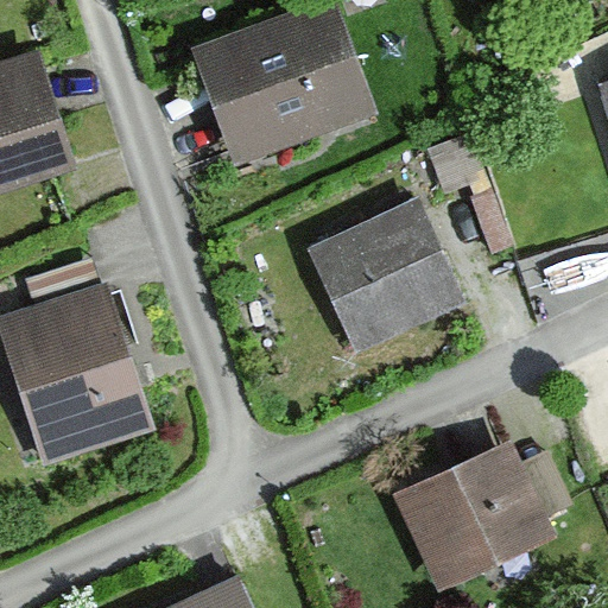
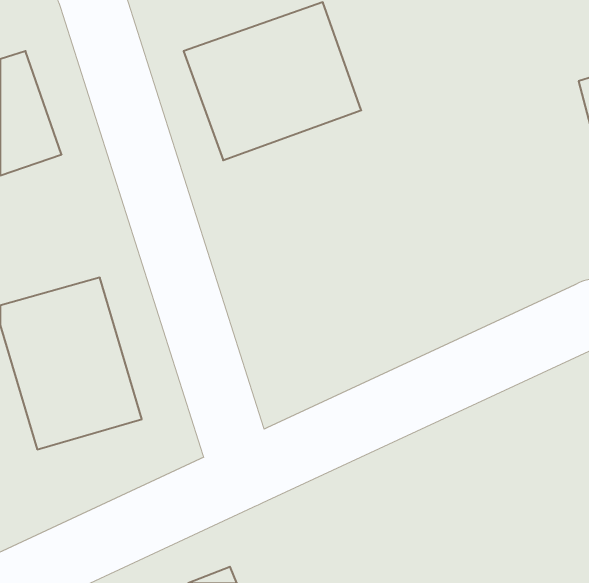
building: [309,202,458,347] -> none
building: [397,444,553,589] -> none

